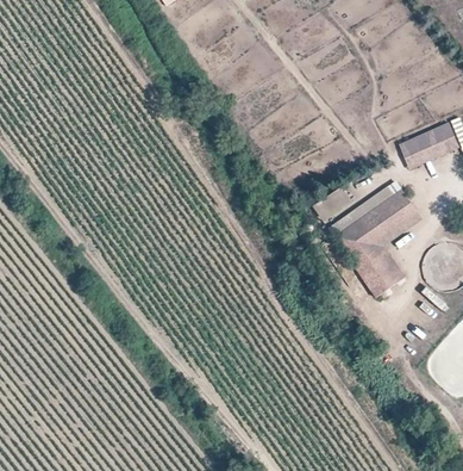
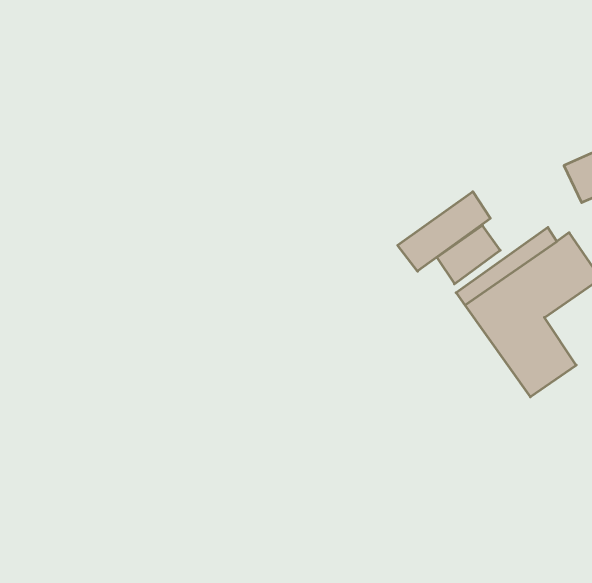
building: none -> [398,192,490,271]

